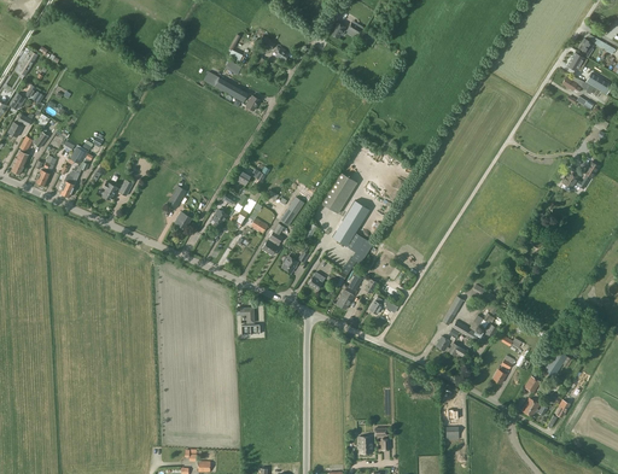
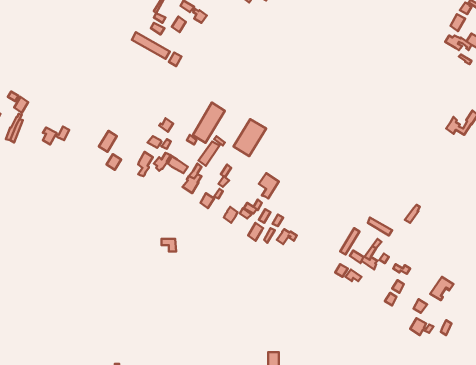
building: [333,199,369,245] -> [193,103,225,143]

